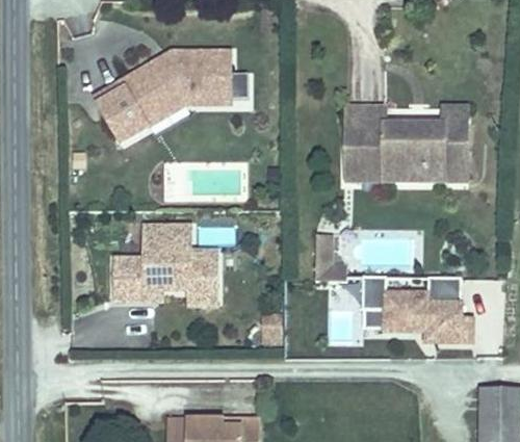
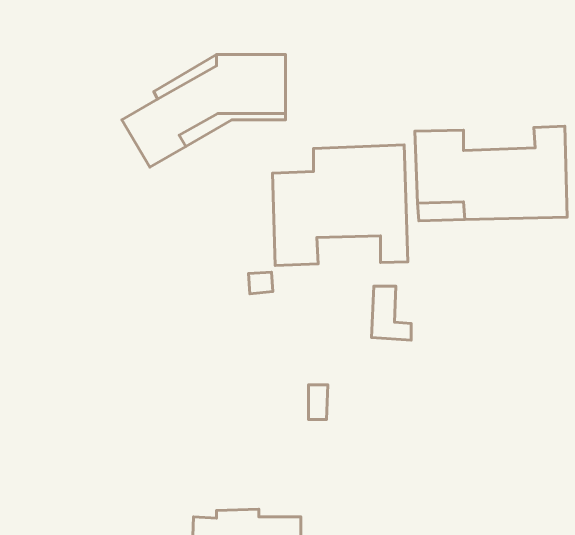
building: none -> [273,145,408,266]
building: [110,225,215,302] -> none
building: [362,280,469,344] -> none

